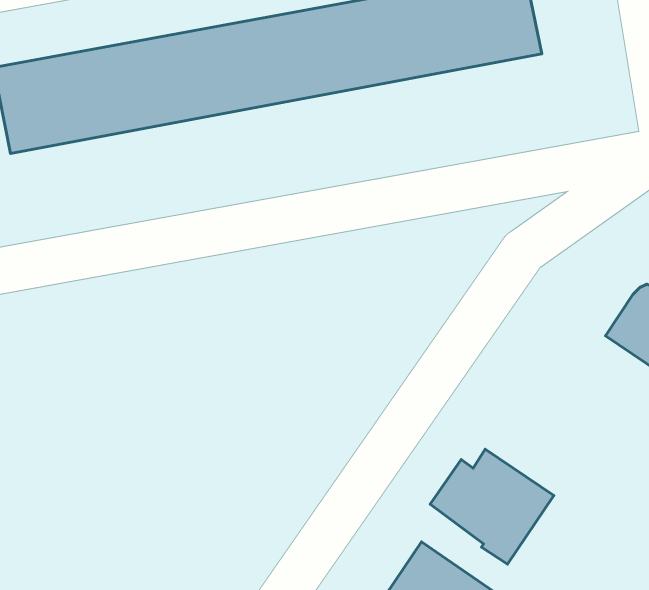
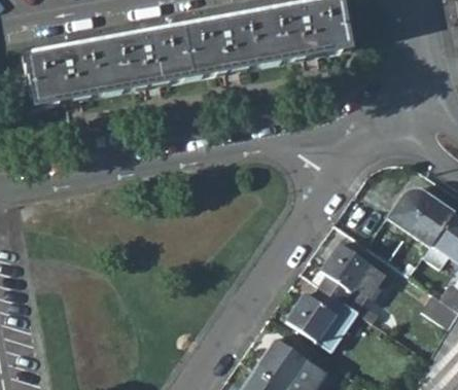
building: none -> [316,240,383,322]

